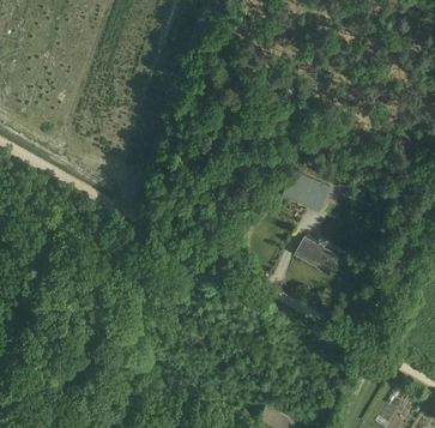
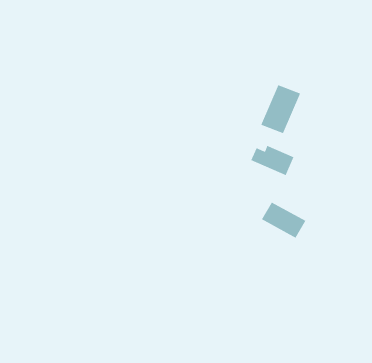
building: none -> [260,84,301,134]

